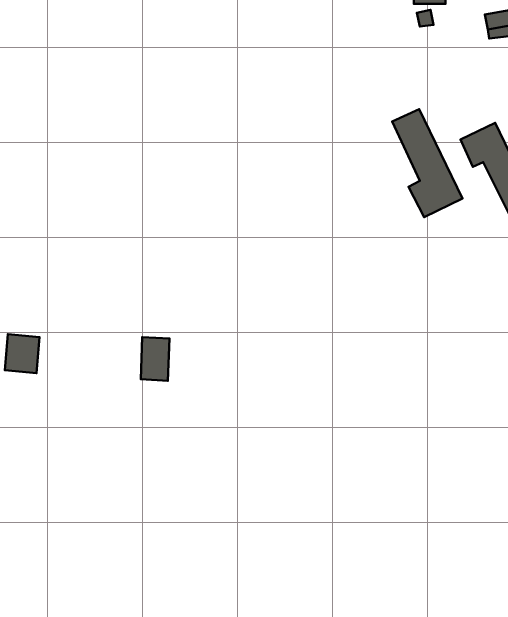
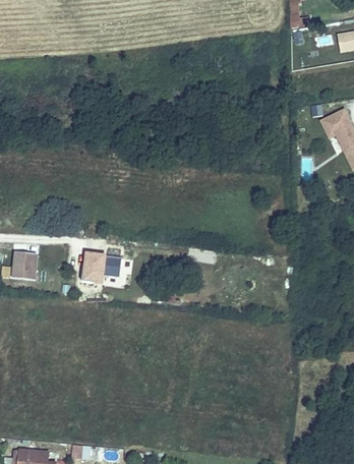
building: [392,109,462,217] -> none
building: none -> [80,249,104,282]

